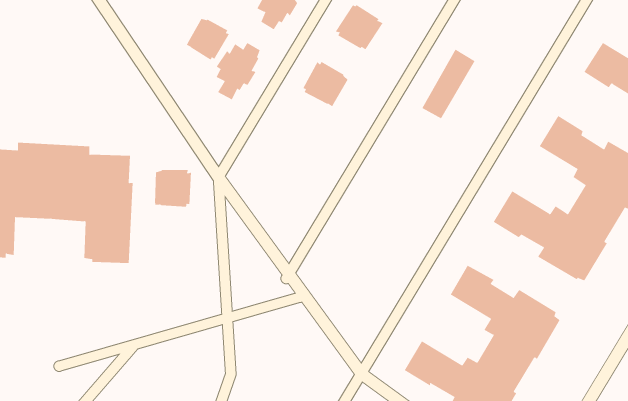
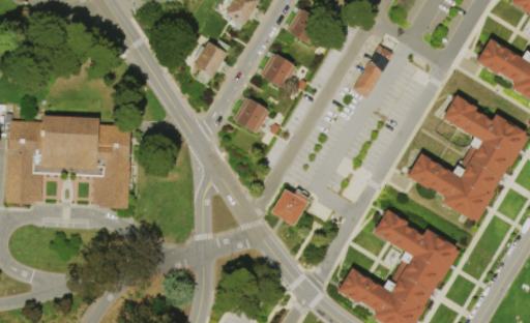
building: [186,18,230,61] -> none
building: none -> [234,97,269,133]
building: [155,169,192,208] -> none
building: none -> [270,189,308,226]

